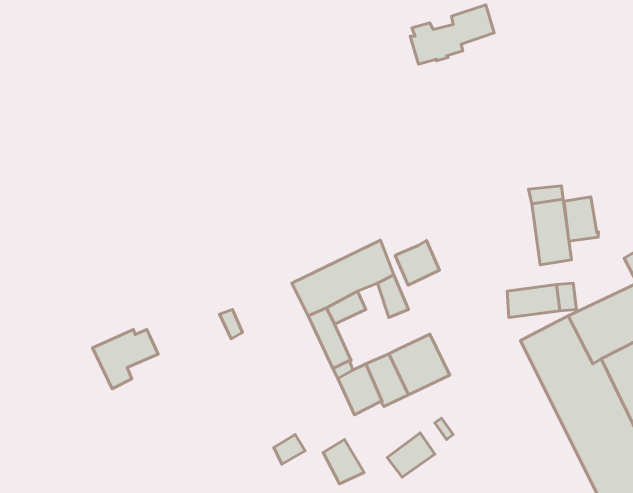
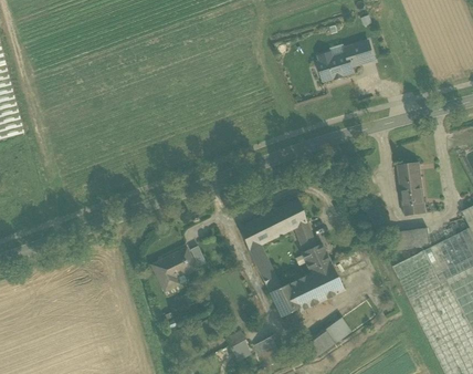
building: [564,197,598,241] -> none
building: [395,241,440,285] -> [301,242,330,272]
building: [92,330,158,389] -> [150,251,195,291]

